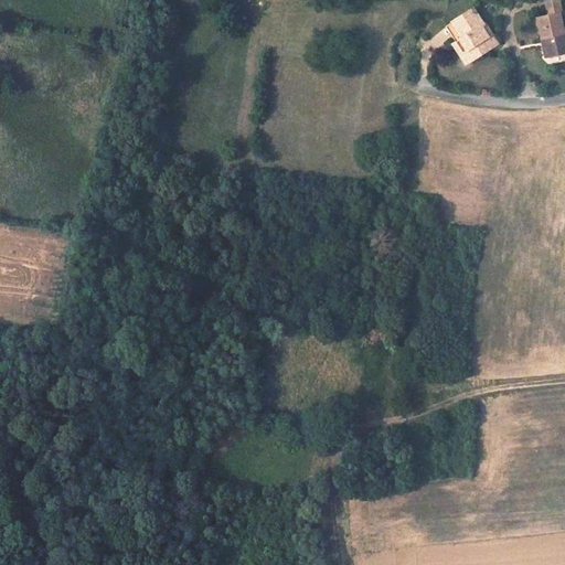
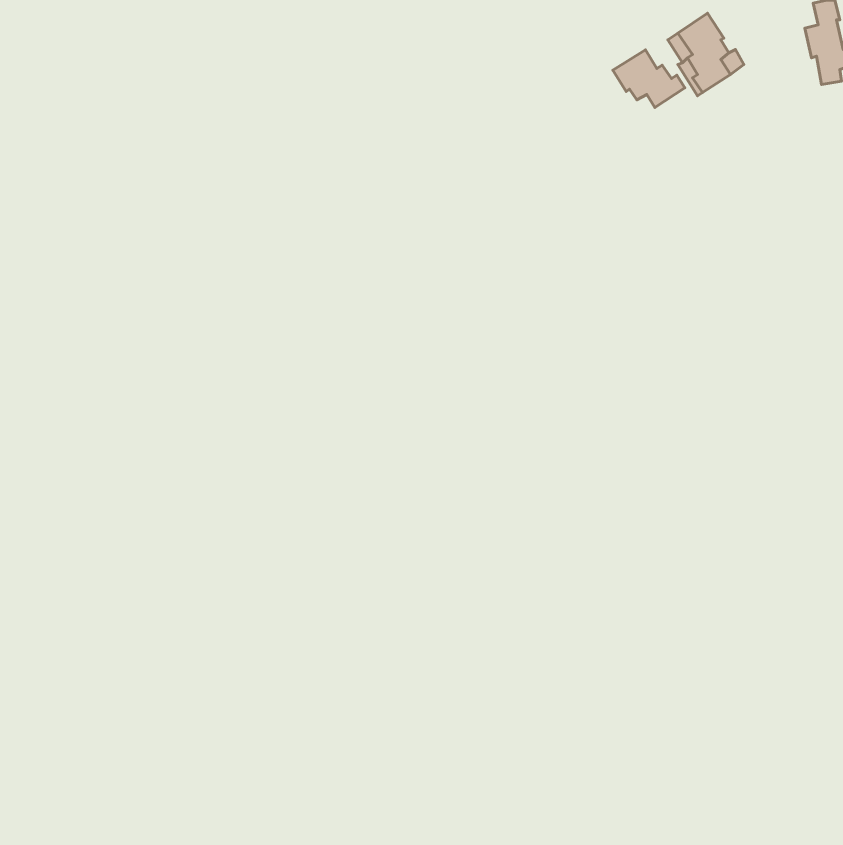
building: none -> [613,50,685,107]

